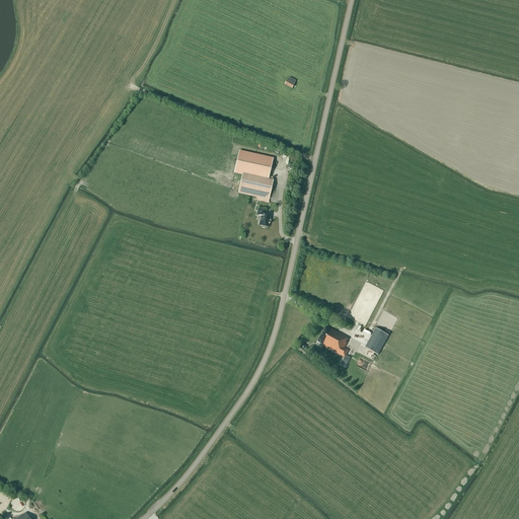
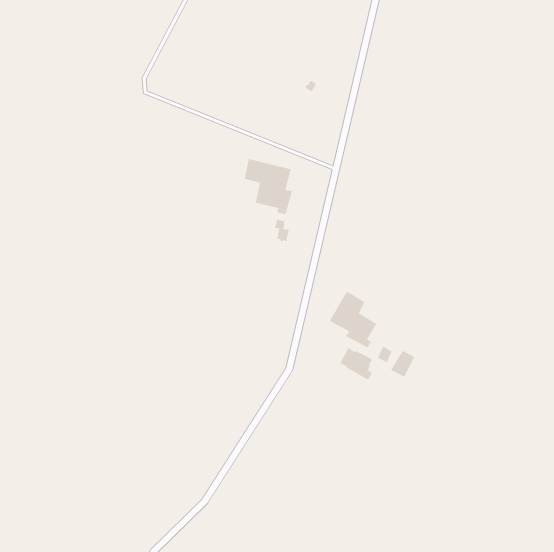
building: none -> [329,290,377,348]

